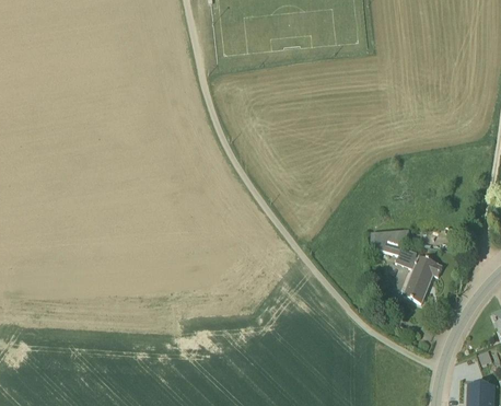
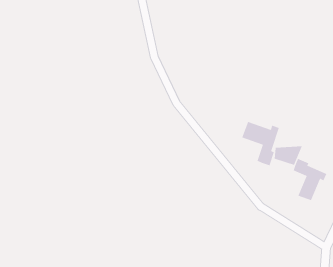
building: none -> [241,121,280,166]

